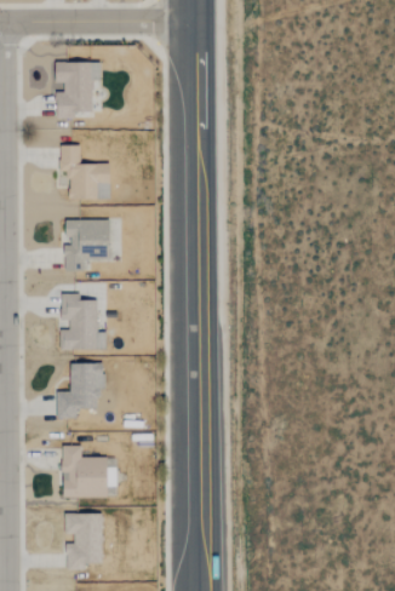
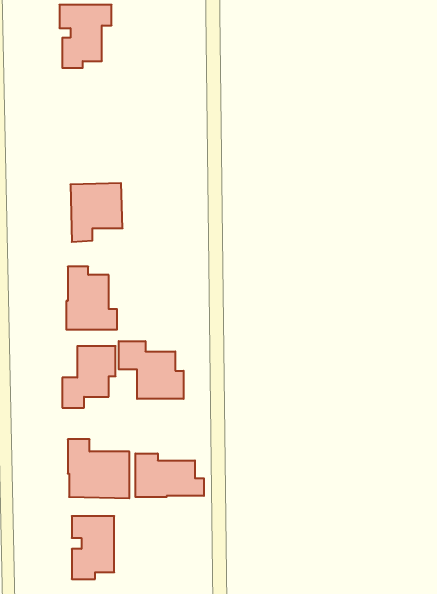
building: [59,144,110,199] -> none
building: none -> [119,341,184,399]
building: none -> [135,453,204,497]

